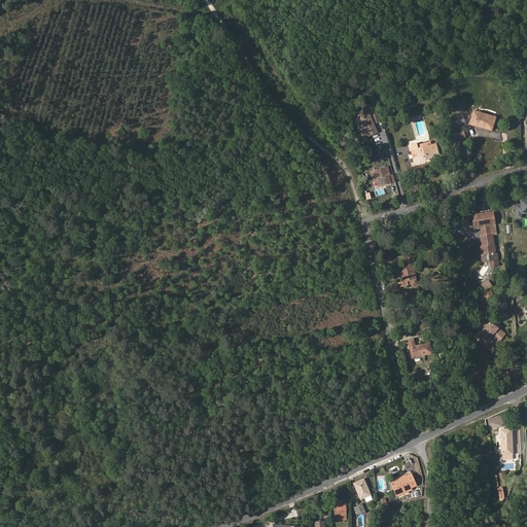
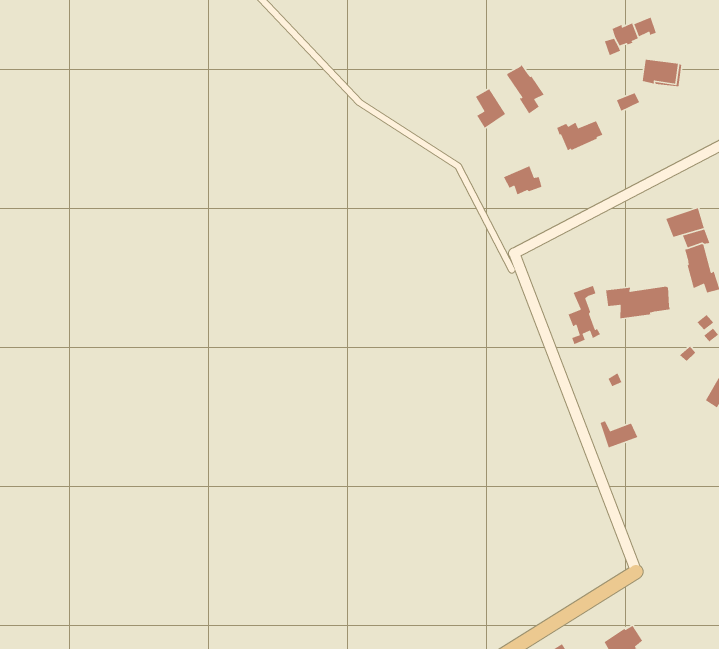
building: none -> [506,64,545,115]
building: none -> [605,286,671,319]

